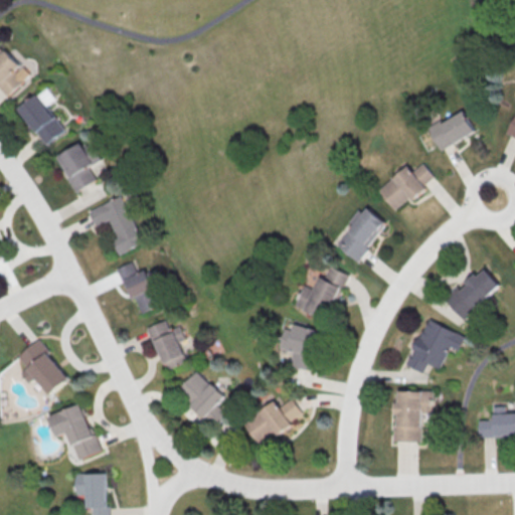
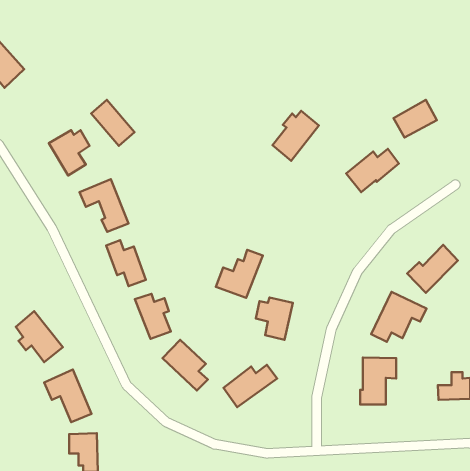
building: [15,95,62,145] -> [91,100,134,146]
building: [336,207,386,262] -> [273,111,319,161]
building: [294,267,345,319] -> [216,250,263,298]

